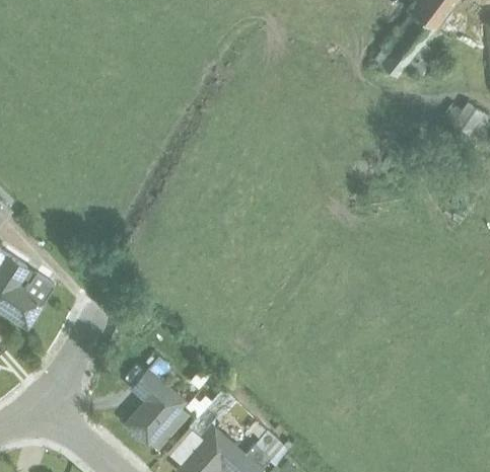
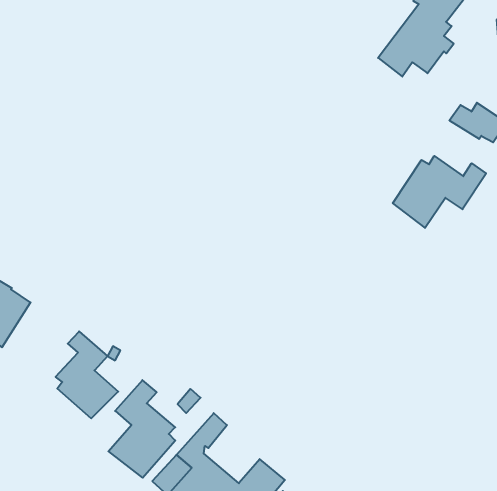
building: none -> [393,156,486,228]
building: none -> [56,331,118,418]

